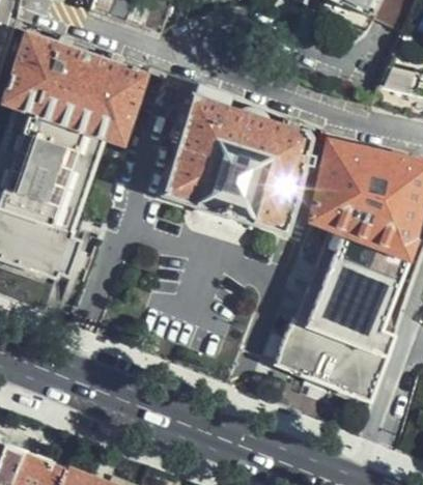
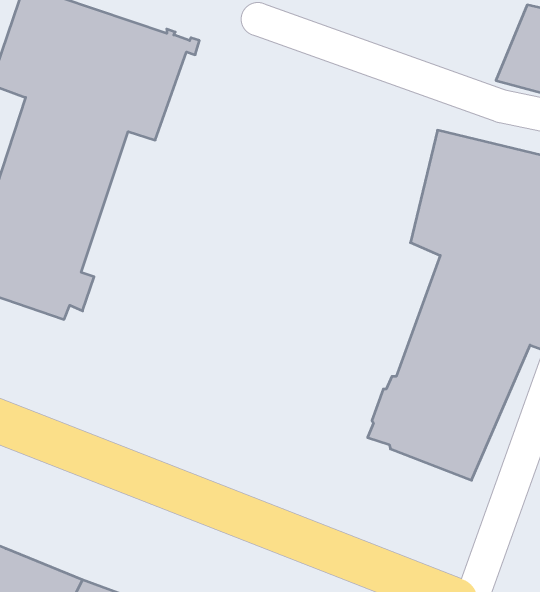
building: [162,96,314,233] -> none

